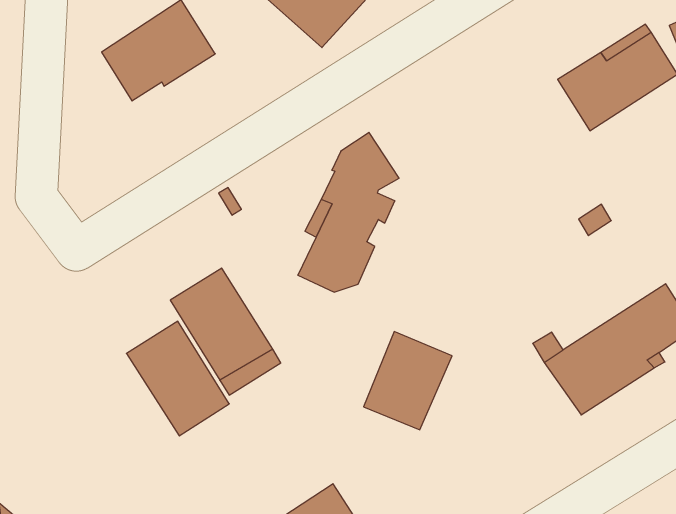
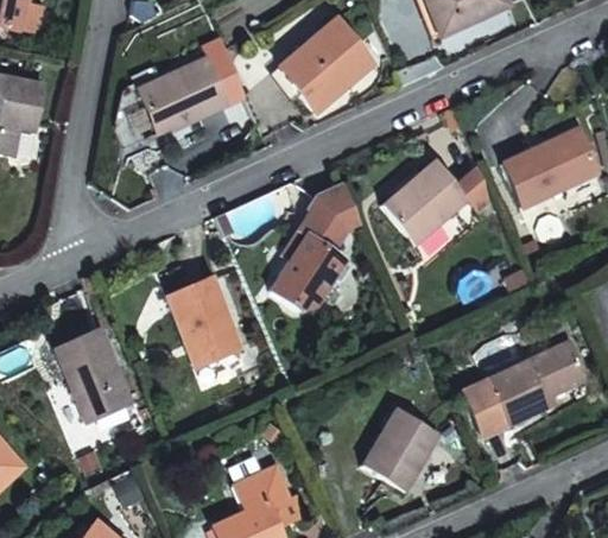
building: none -> [381,159,468,246]
building: [126,321,229,436] -> [55,330,132,423]
building: [364,332,452,430] -> [362,409,439,490]

